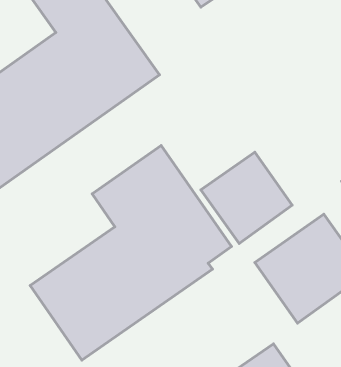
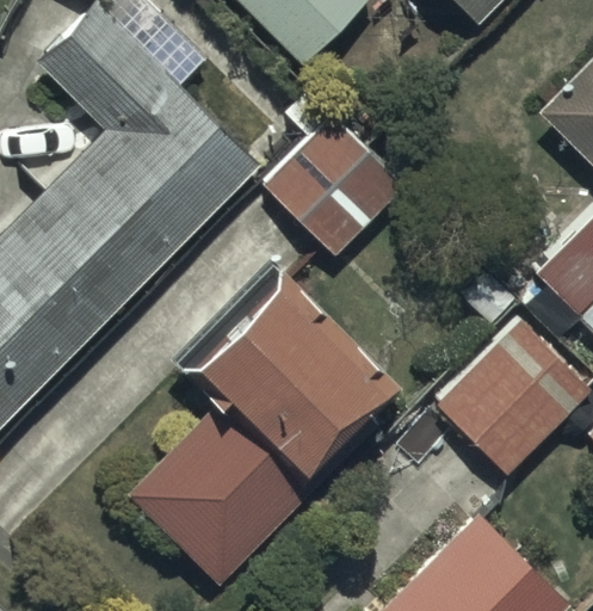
building: none -> [266,118,404,257]
building: [201,152,292,243] -> none

